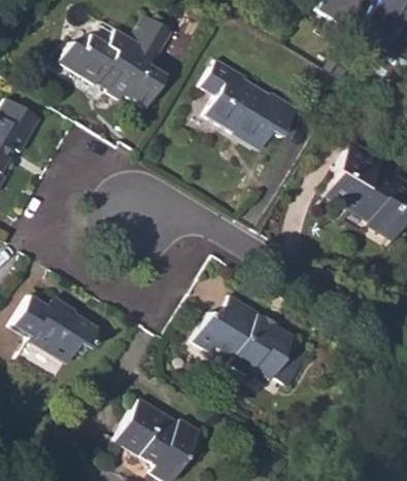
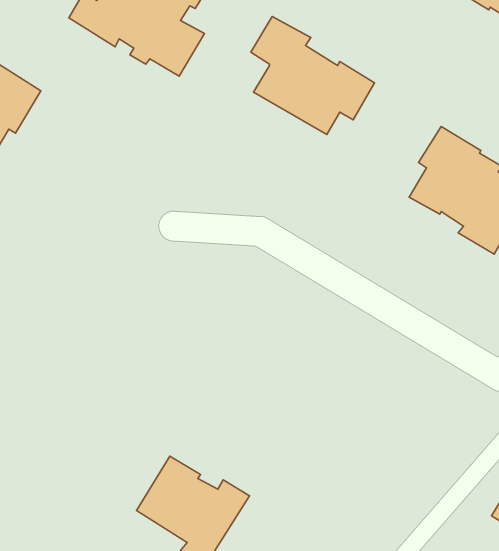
building: [12,294,100,378] -> none
building: [192,295,313,386] -> none

